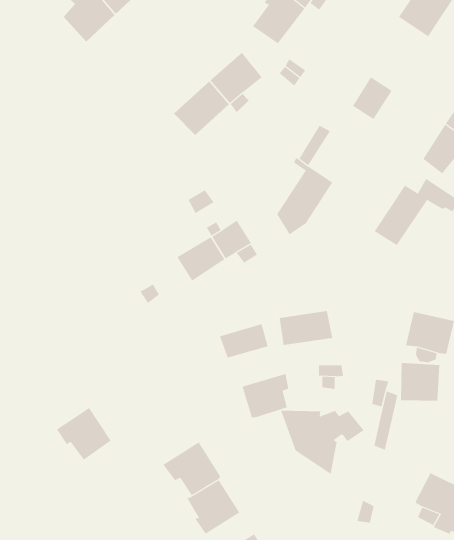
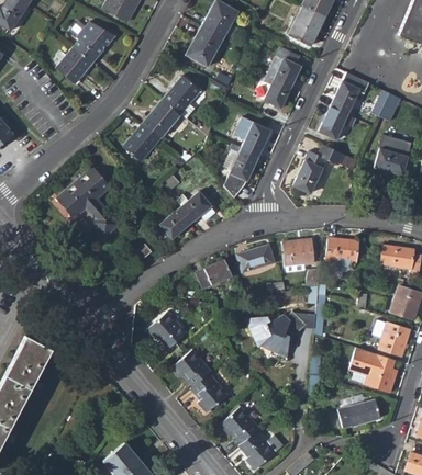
building: none -> [268,48,301,87]
building: none -> [122,124,159,160]
building: none -> [241,121,270,156]
building: none -> [57,167,119,236]
building: [400,362,440,401] -> [282,238,312,267]
building: [242,373,289,418] -> none
building: [56,407,112,460] -> [146,310,186,348]

